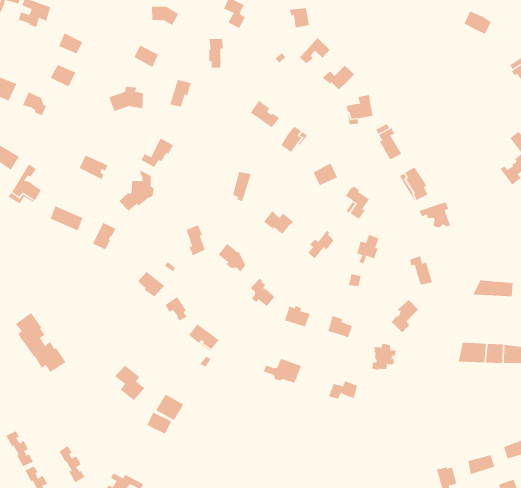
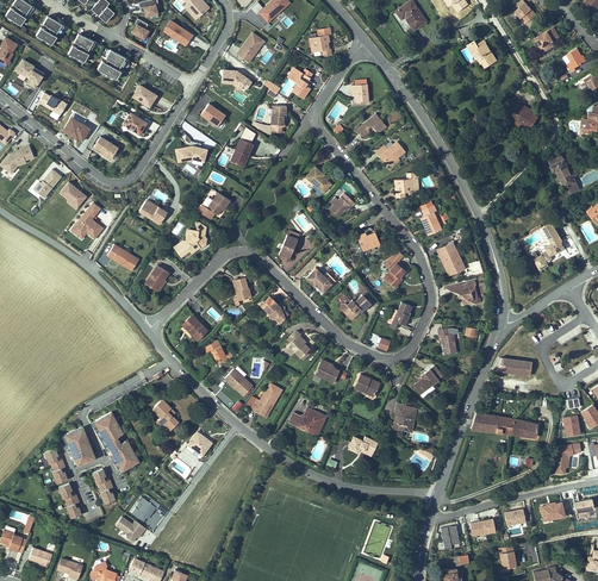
building: [15,312,67,373] -> [95,412,139,470]
building: none -> [245,383,281,414]
building: none -> [64,427,95,467]

